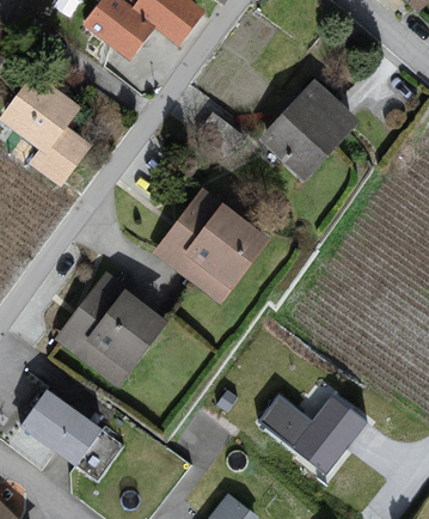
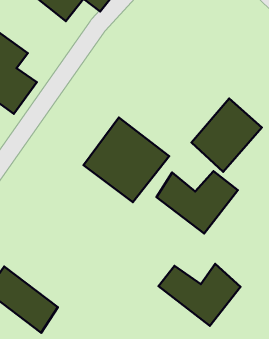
building: [263,83,358,182] -> [191,99,262,172]
building: none -> [157,171,238,233]
building: [50,271,168,389] -> none

